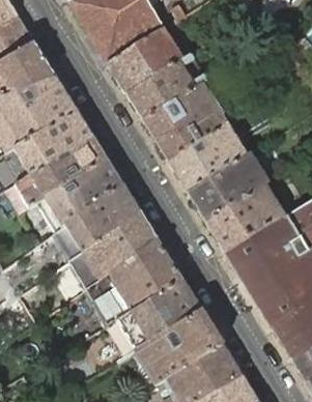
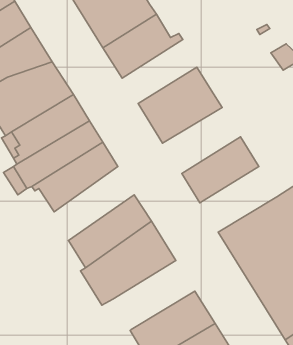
building: [126,51,207,120] -> none
building: [168,124,248,192] -> none
building: [55,184,139,260] -> none
building: [206,184,285,252] -> none
building: [117,281,201,351] -> none

